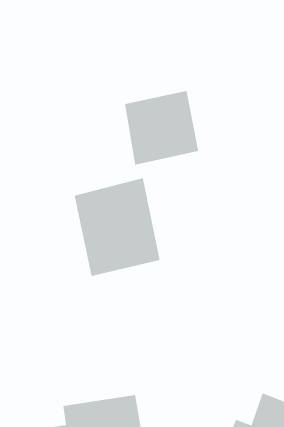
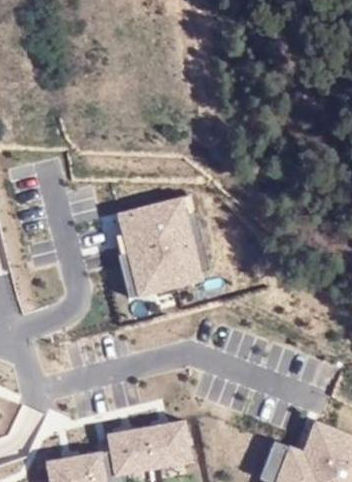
building: [124,90,199,165] -> none

